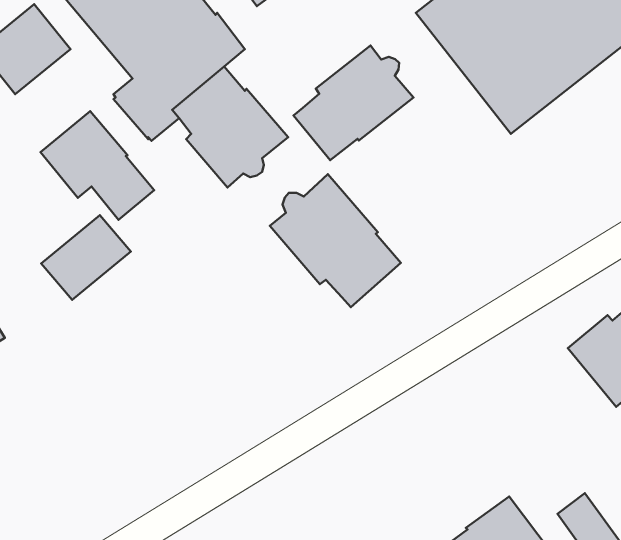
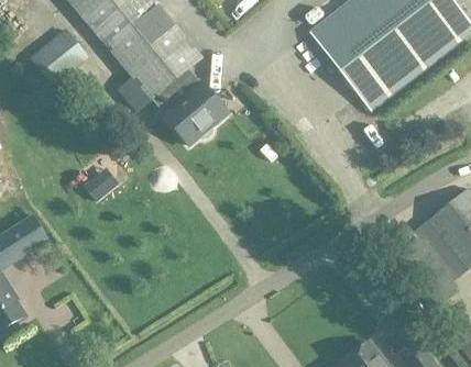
building: [294,45,413,160] -> none
building: [40,111,154,220] -> none
building: [270,174,401,307] -> none

